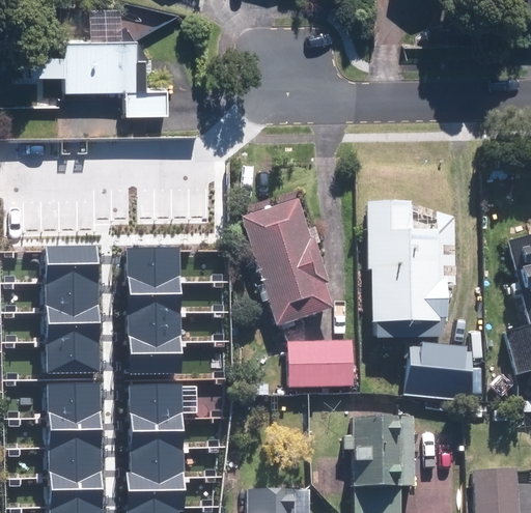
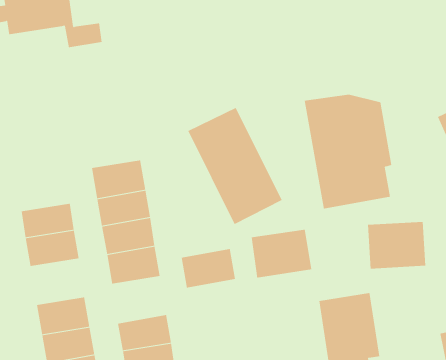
building: [47,245,102,280] -> none
building: [49,339,104,373] -> none
building: [132,378,187,414] -> [181,249,236,288]

